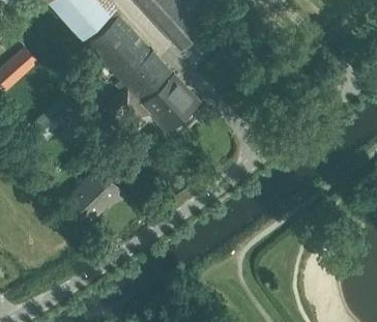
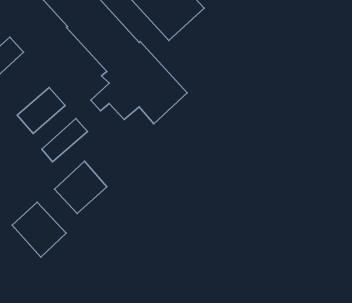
building: none -> [42,119,88,162]
building: none -> [12,202,66,257]

